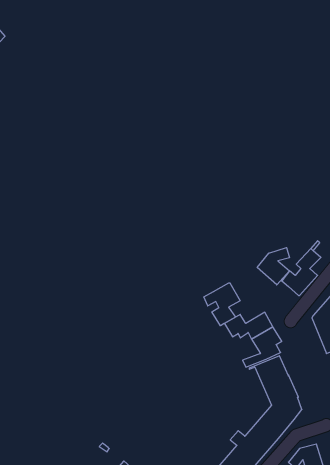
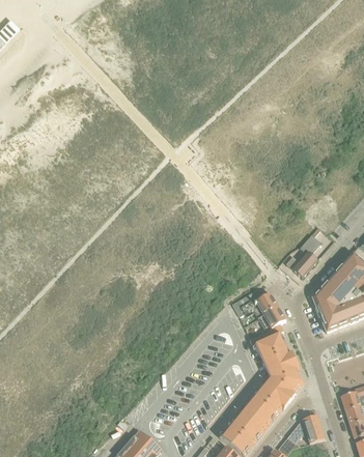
building: [257,248,290,285] -> none
building: [204,283,240,326] -> none

